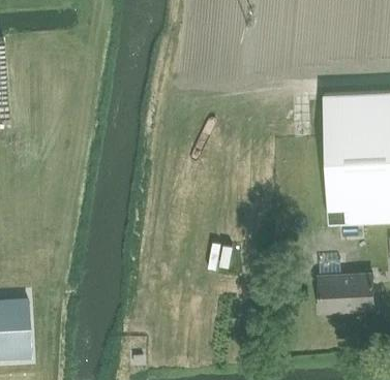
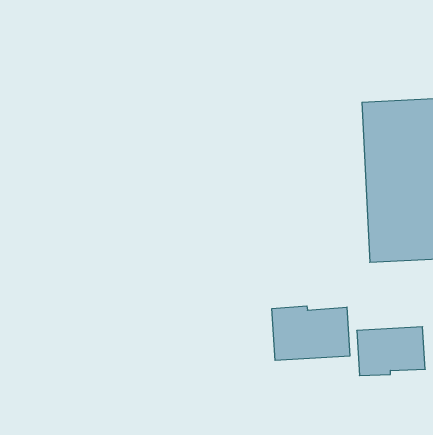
building: none -> [272,306,350,360]

